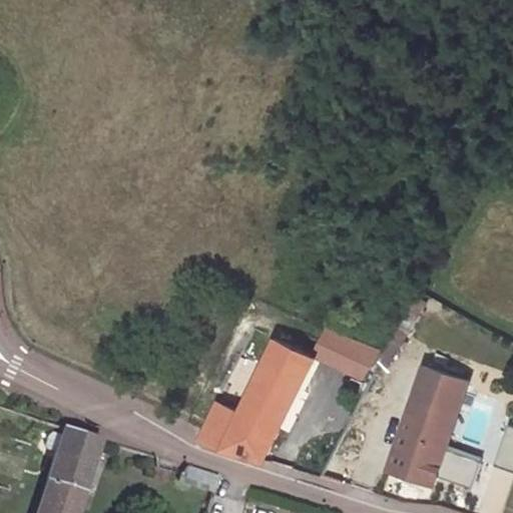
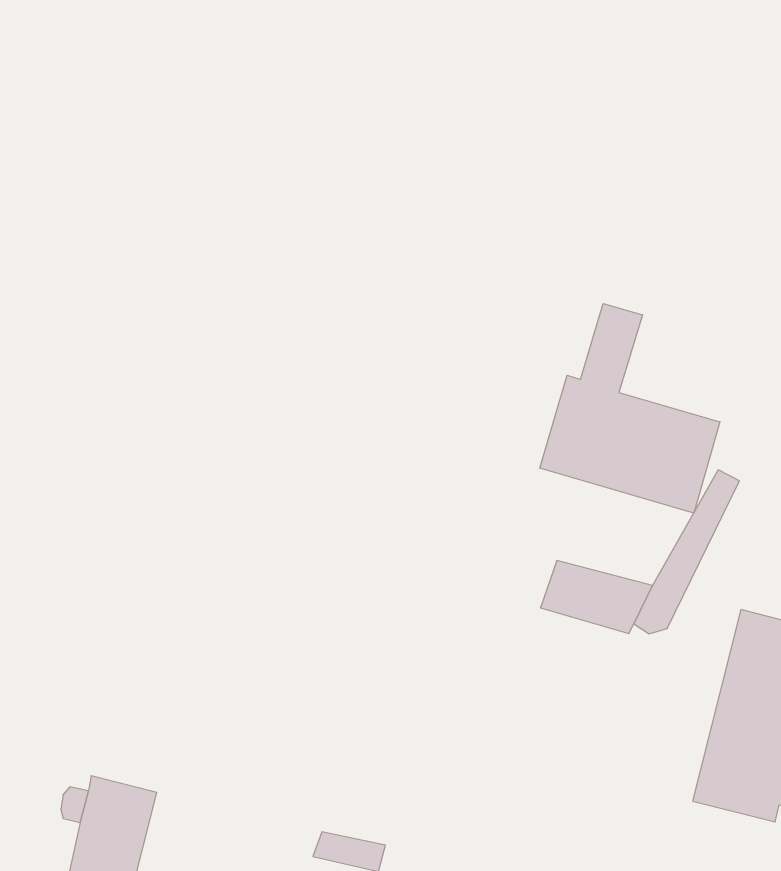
building: none -> [540,304,720,513]
building: [199,342,312,459] -> none

